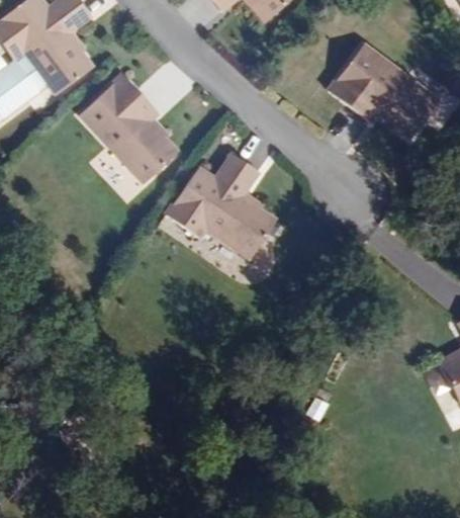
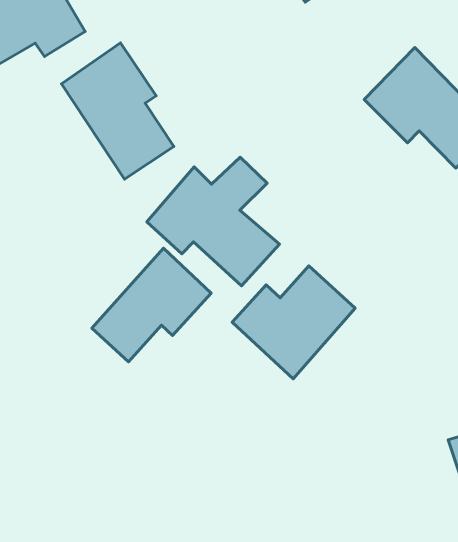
building: none -> [232,266,355,379]
building: none -> [92,248,211,362]

